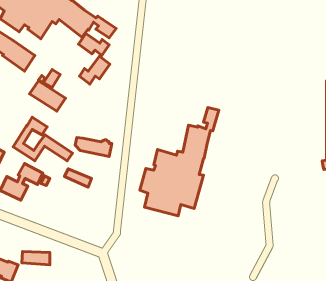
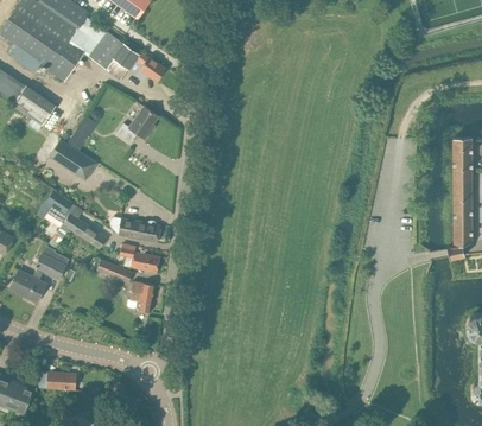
building: [78,34,109,55] -> none
building: [140,108,219,216] -> none
building: none -> [119,243,160,273]
building: none -> [127,281,154,313]

